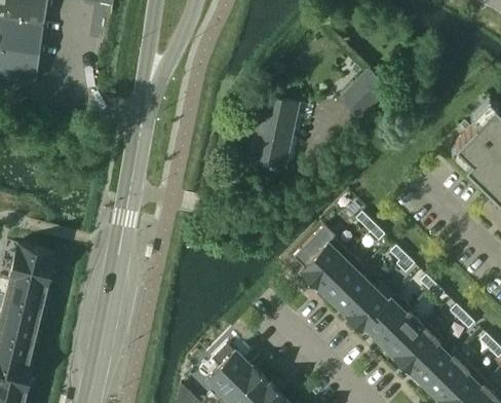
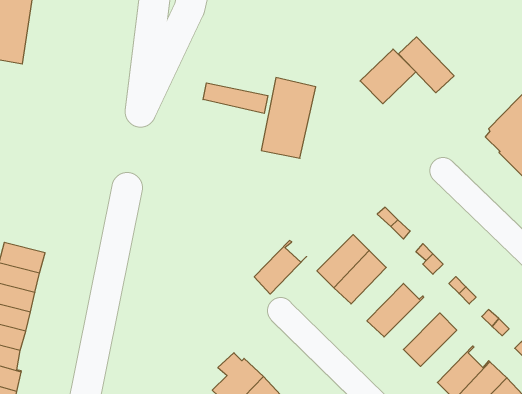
building: none -> [398,37,454,93]
building: none -> [203,83,268,113]
building: [331,267,378,316] -> [254,241,307,294]
building: [360,294,411,341] -> none
building: [393,324,440,371] -> none

